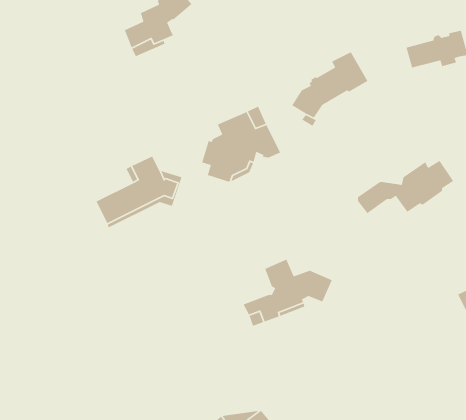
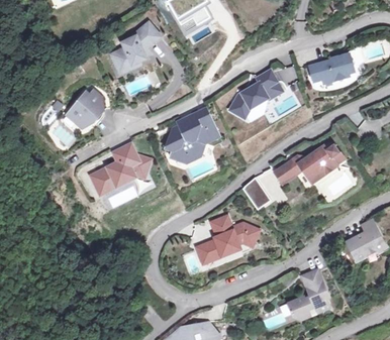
building: none -> [66,90,102,122]
building: none -> [242,169,285,212]
building: none -> [286,270,327,321]

